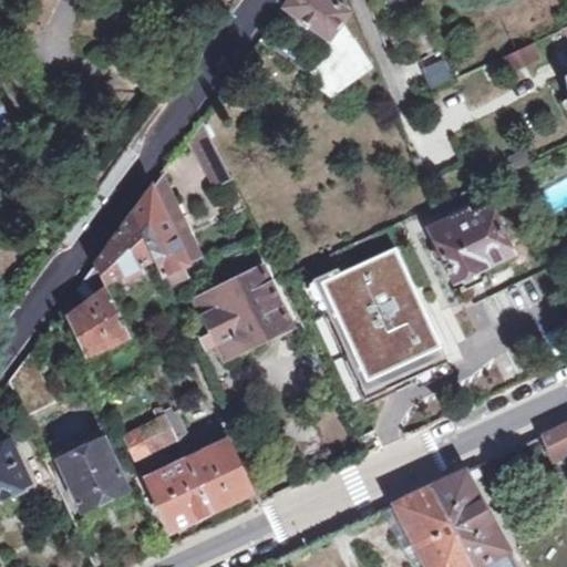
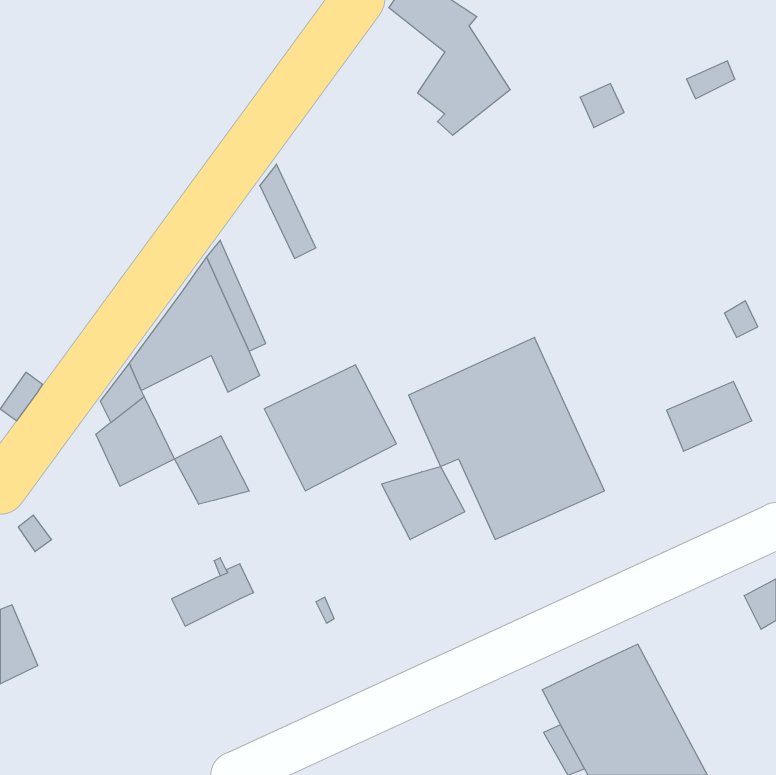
building: [429,206,511,289] -> none
building: none -> [175,436,249,504]
building: none -> [382,467,465,540]
building: [58,439,126,511] -> none
building: [146,441,250,529] -> none

